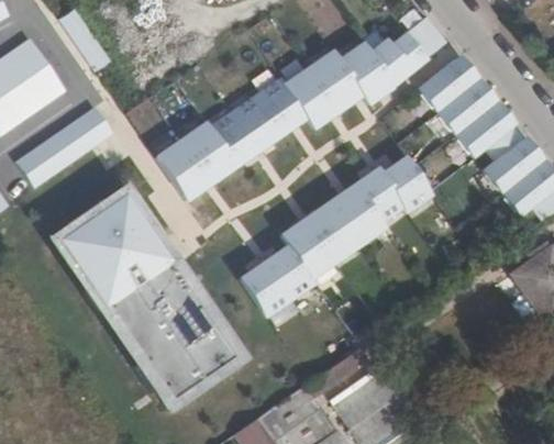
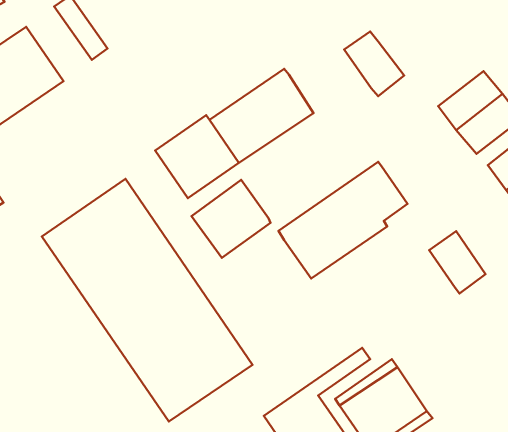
building: [374,15,447,84] -> none
building: [287,49,367,130] -> none
building: [413,55,476,113] -> none
building: [16,104,115,188] -> none
building: [377,153,432,213] -> [429,231,486,293]
building: [234,243,311,319] -> [191,180,271,258]

